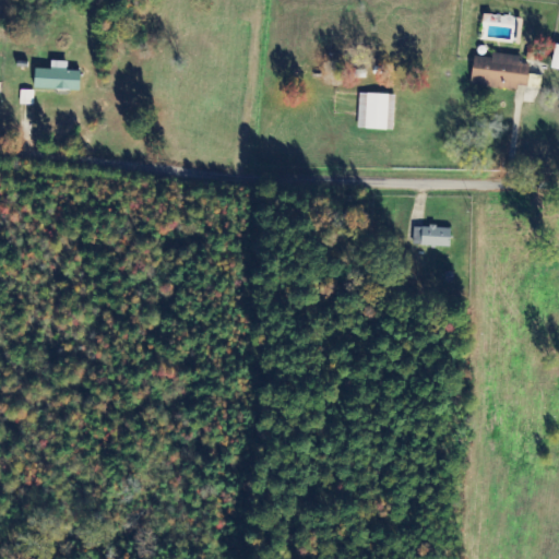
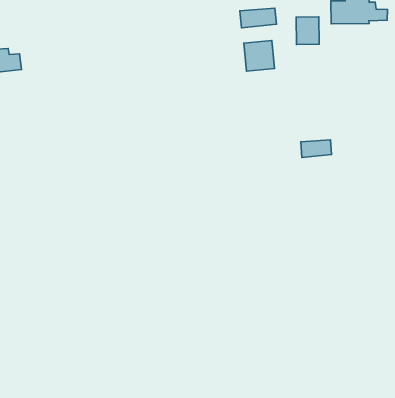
building: none -> [240,8,277,28]
building: none -> [296,17,319,45]

